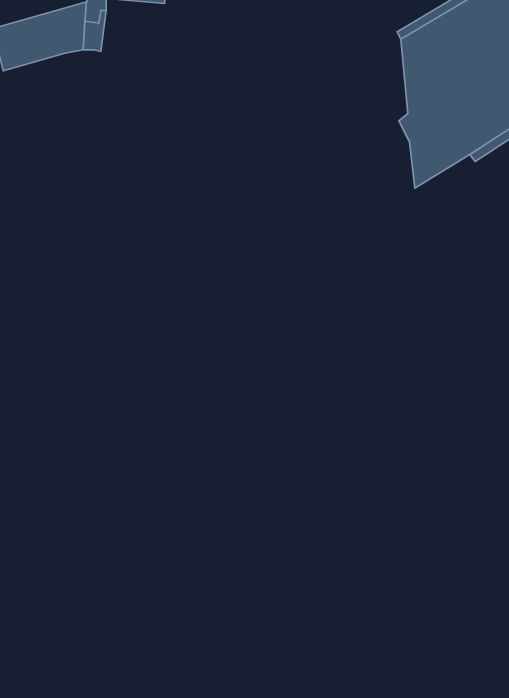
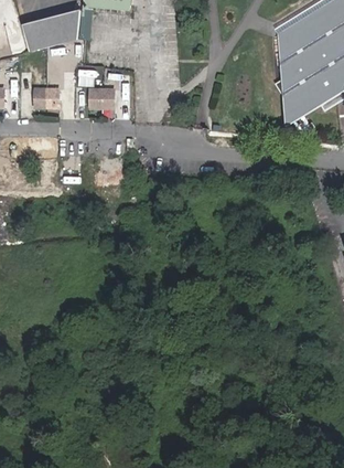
building: none -> [34,88,58,107]
building: none -> [89,89,114,108]

